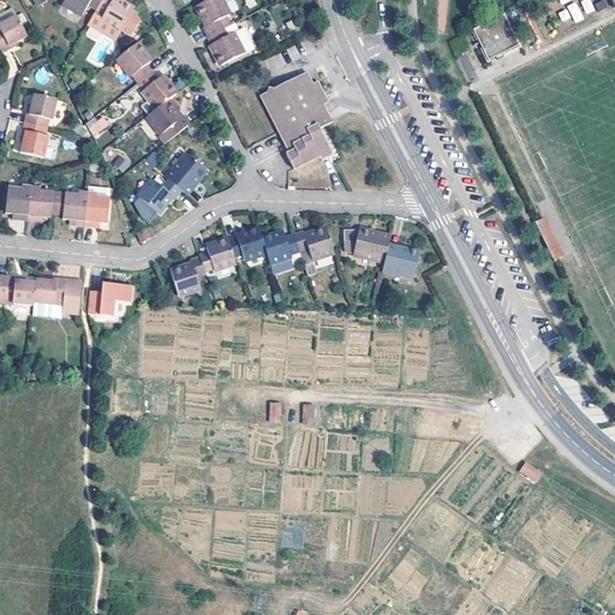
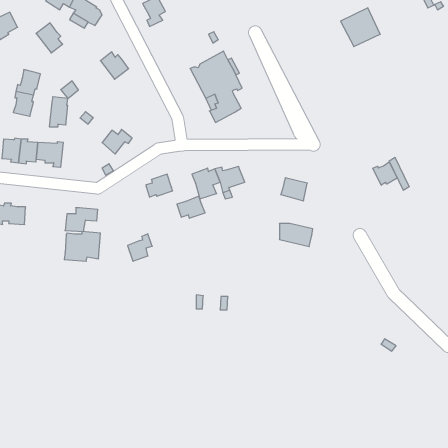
building: [204,28,251,65] -> none
building: [117,42,153,83] -> [36,23,63,53]
building: [148,100,191,139] -> none
building: [166,153,204,192] -> none
building: [83,187,108,228] -> [49,97,68,127]
building: none -> [373,162,397,185]
building: [228,227,267,257] -> [177,196,205,218]
building: [345,227,390,258] -> [279,224,313,247]
building: [172,255,205,292] -> [128,234,152,261]
building: [32,277,82,318] -> [64,231,100,261]

